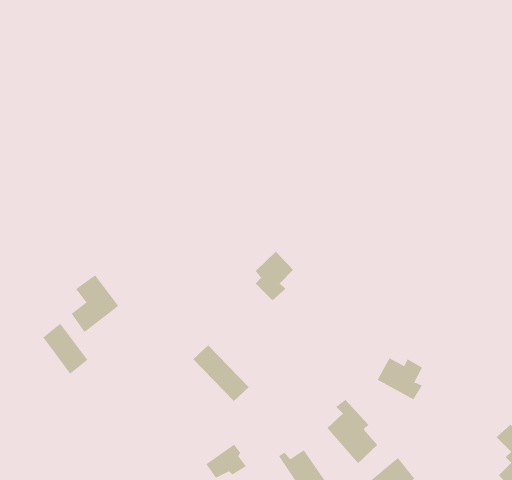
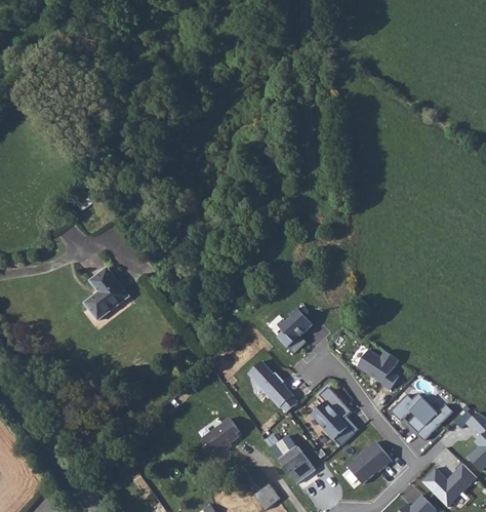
building: [255,251,294,301] -> [277,306,313,352]
building: [42,323,88,374] -> none
building: [192,345,250,402] -> [247,359,299,411]
building: none -> [392,392,452,440]

